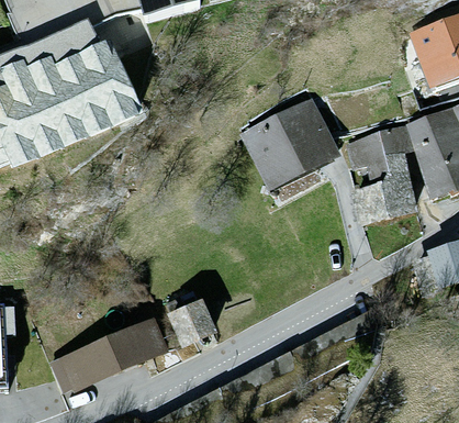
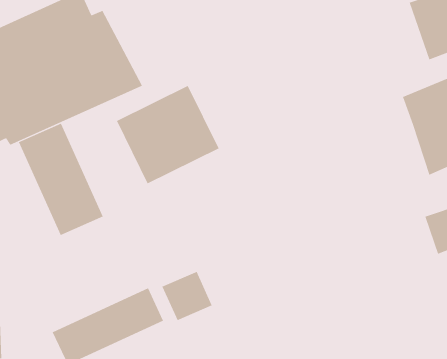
building: [239,96,342,193] -> [116,85,219,184]
building: [345,125,417,223] -> none
building: none -> [18,123,103,236]

